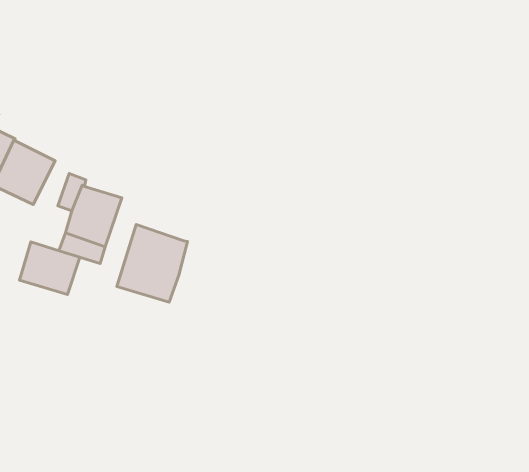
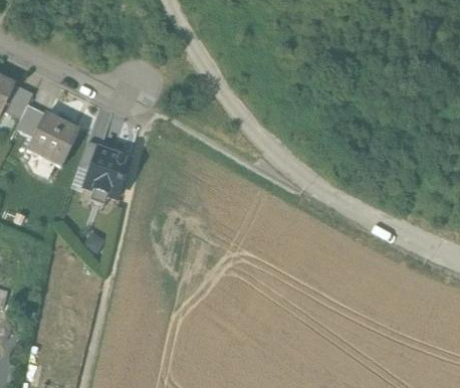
building: [117,224,187,302] -> none
building: [20,242,80,295] -> none

